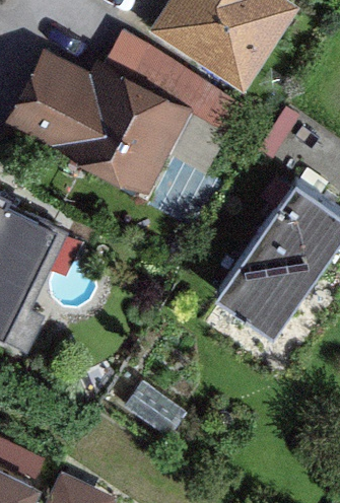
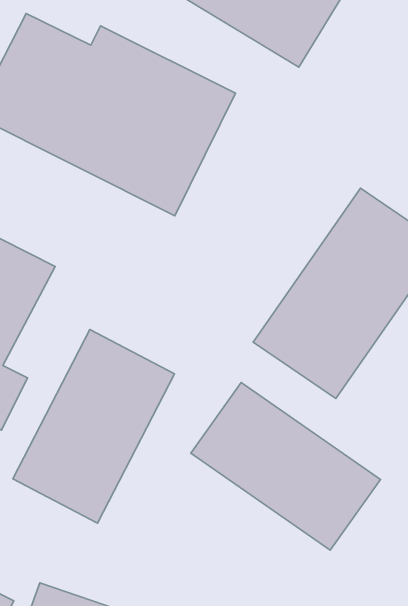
building: none -> [13,329,175,523]
building: none -> [191,382,381,550]

